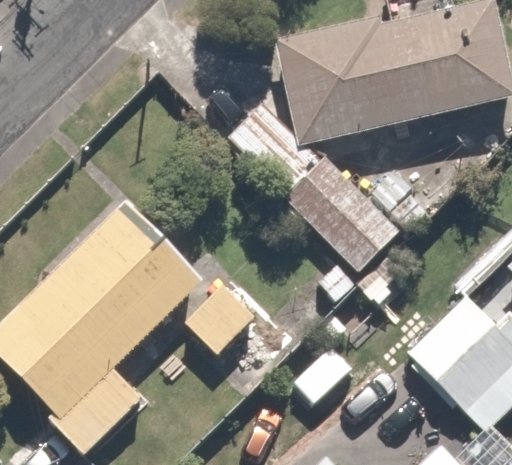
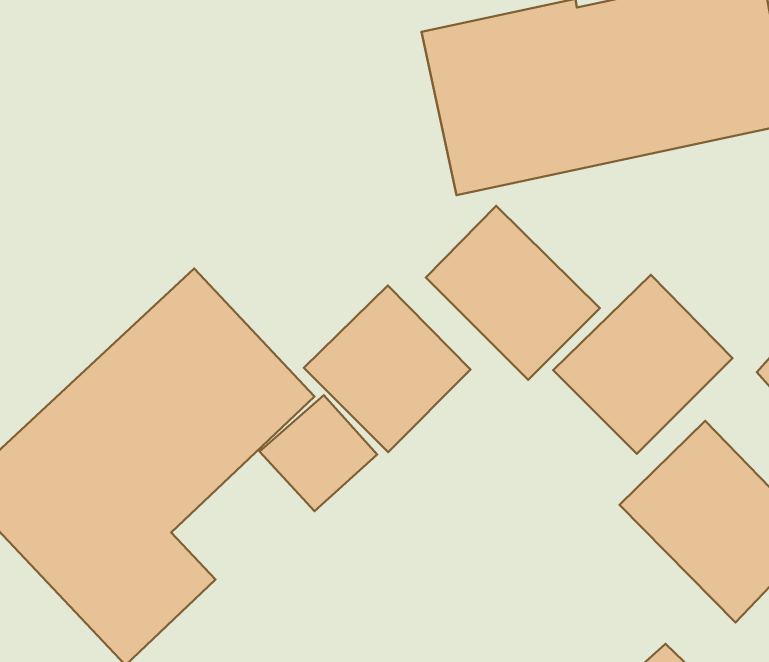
building: none -> [553,275,733,454]
building: none -> [304,286,471,452]

